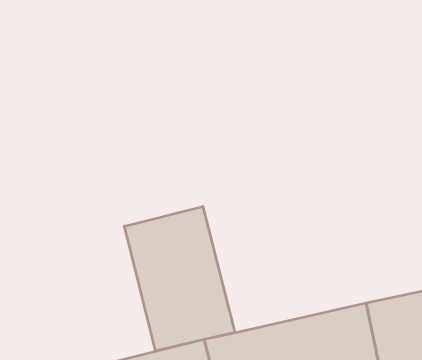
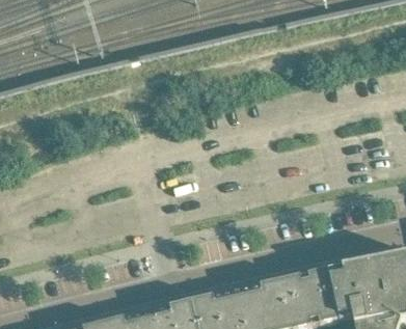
building: [124,206,235,351] -> none

